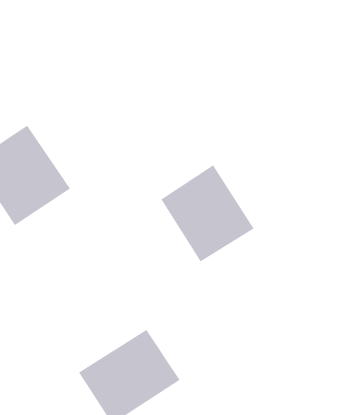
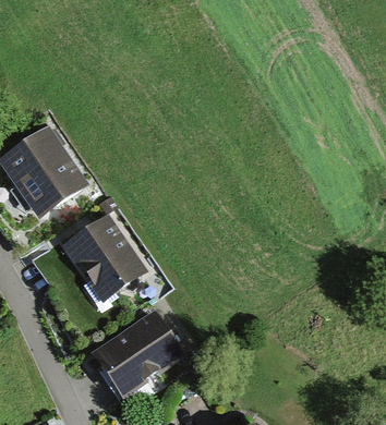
building: [161,165,254,262] -> [61,214,146,302]

